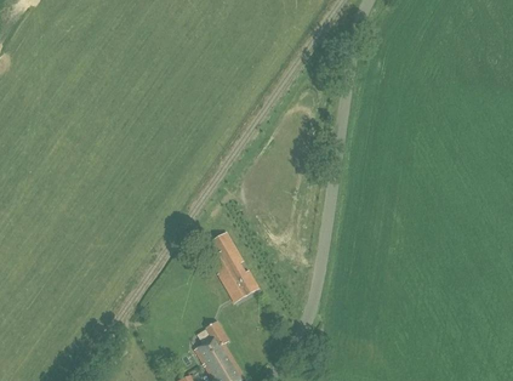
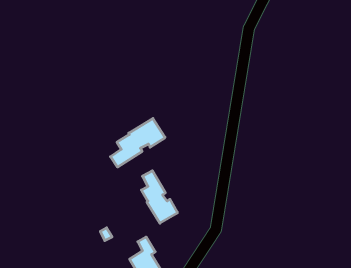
building: none -> [110,118,165,167]

